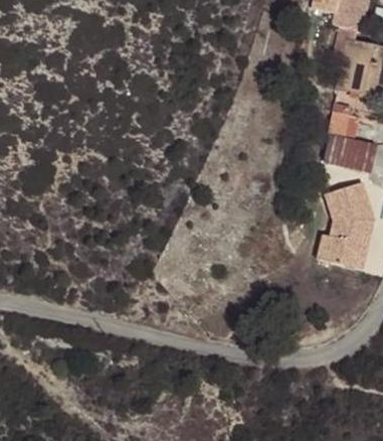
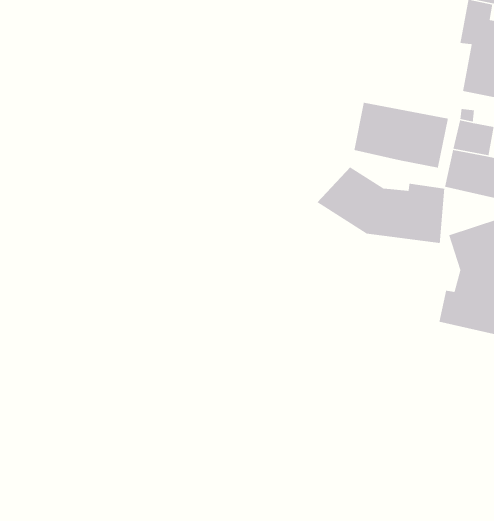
building: none -> [353,102,449,168]
building: none -> [317,167,445,244]

